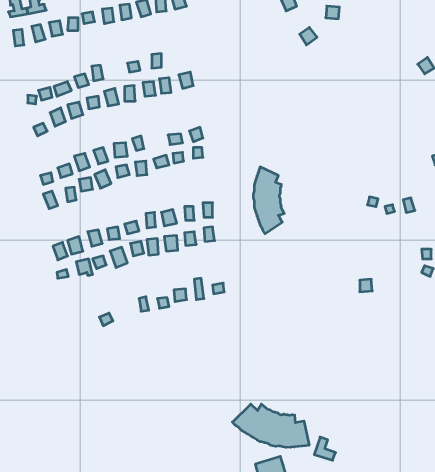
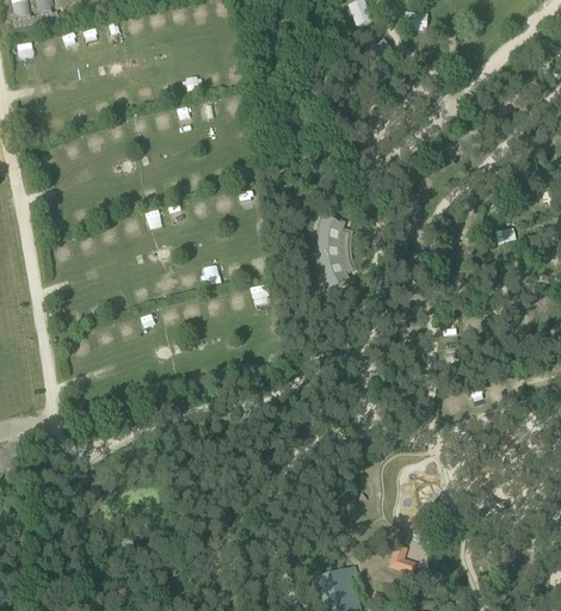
building: [232,404,309,447] -> none

